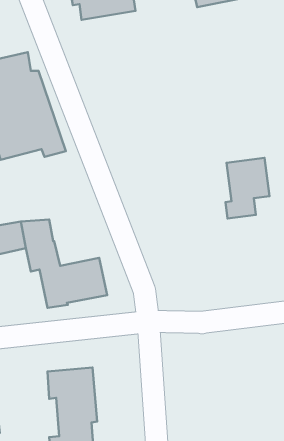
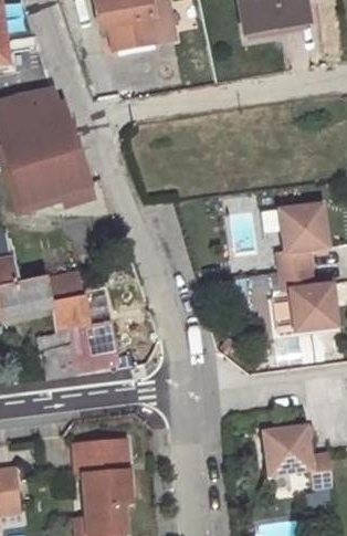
building: none -> [277,267,335,333]
building: none -> [38,329,74,377]
building: none -> [263,423,333,486]

